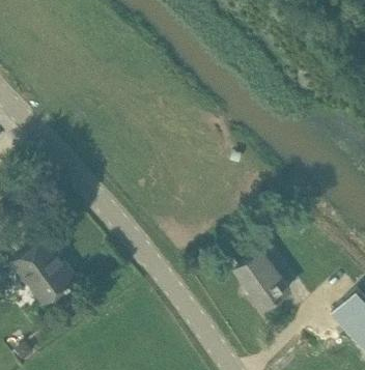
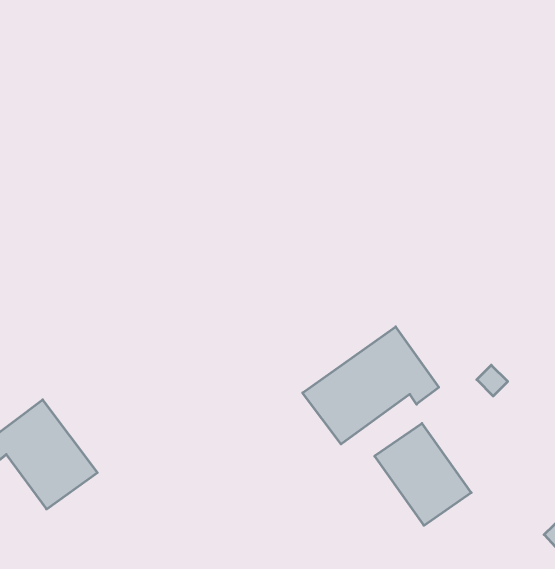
building: none -> [303,327,439,444]

